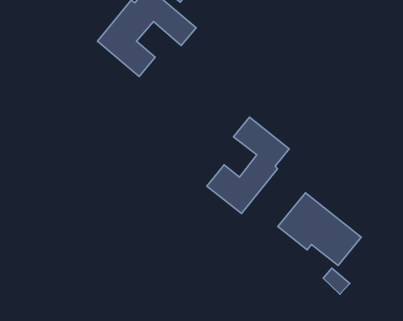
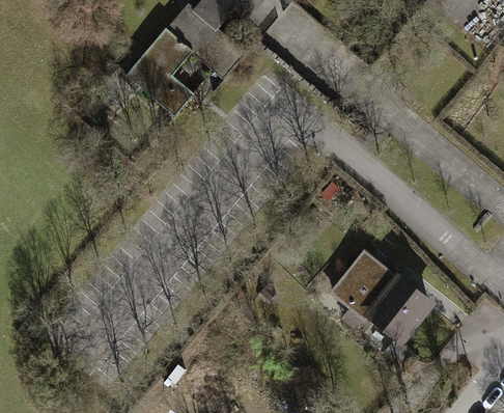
building: [207,117,289,214] -> none

